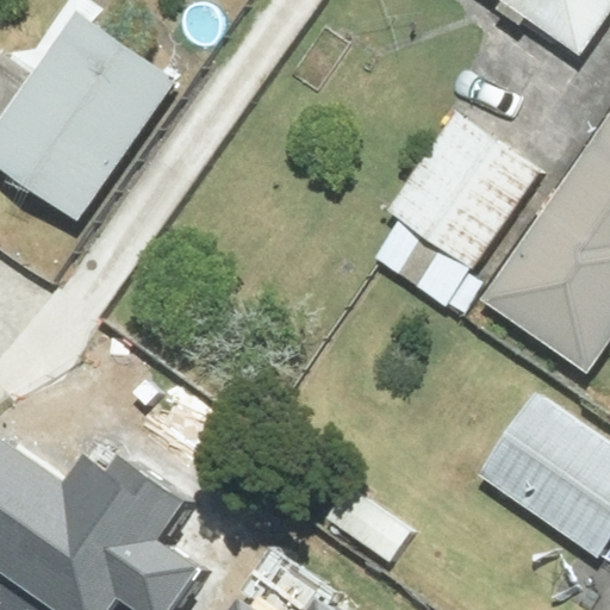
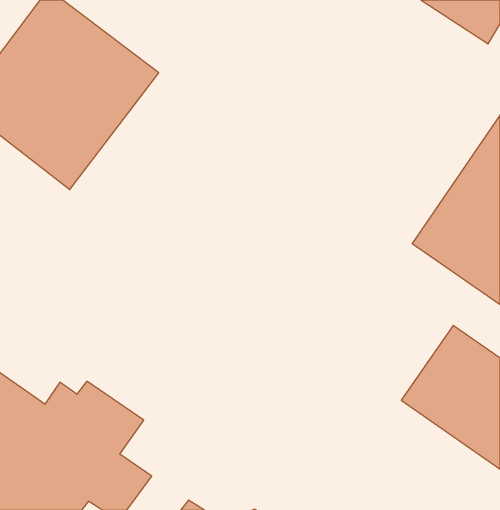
building: [371,107,547,304] -> none

